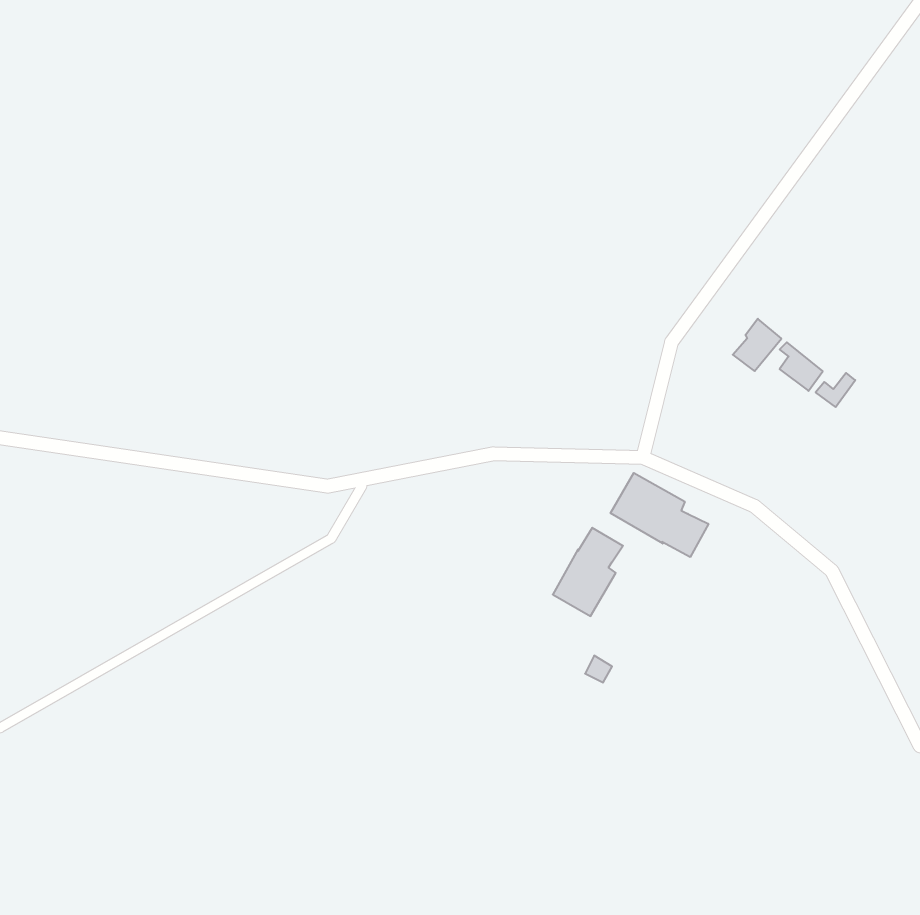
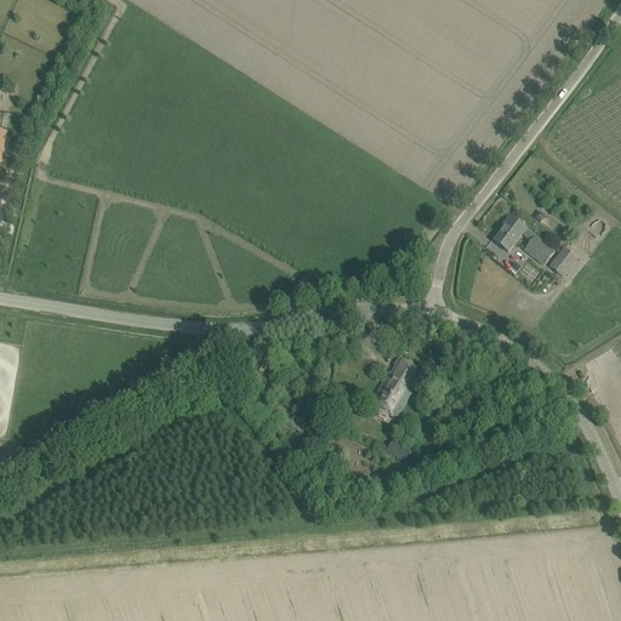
building: [611,473,708,557] -> none

